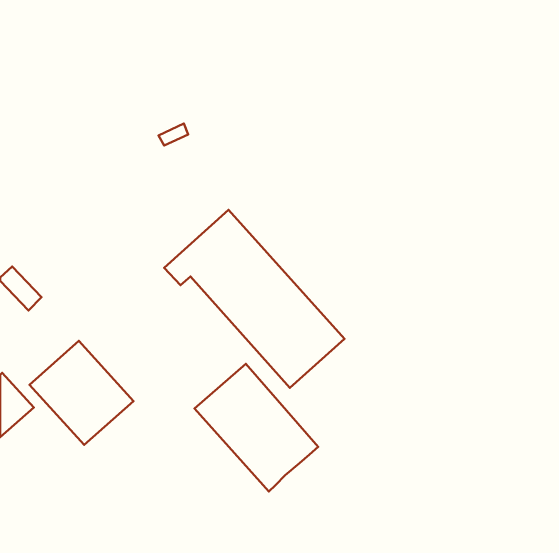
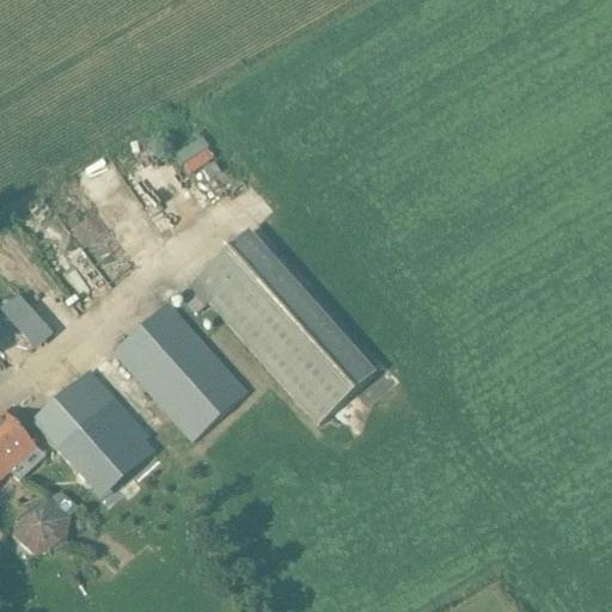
building: [194,364,318,492] -> [114,300,249,440]
building: none -> [14,497,78,555]

